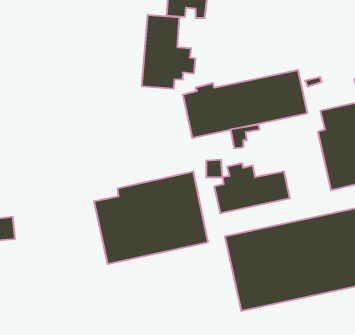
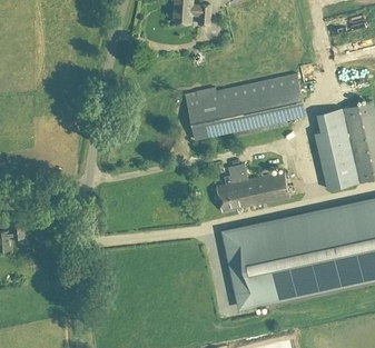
building: [142,15,195,89] -> none
building: [94,171,208,264] -> none

